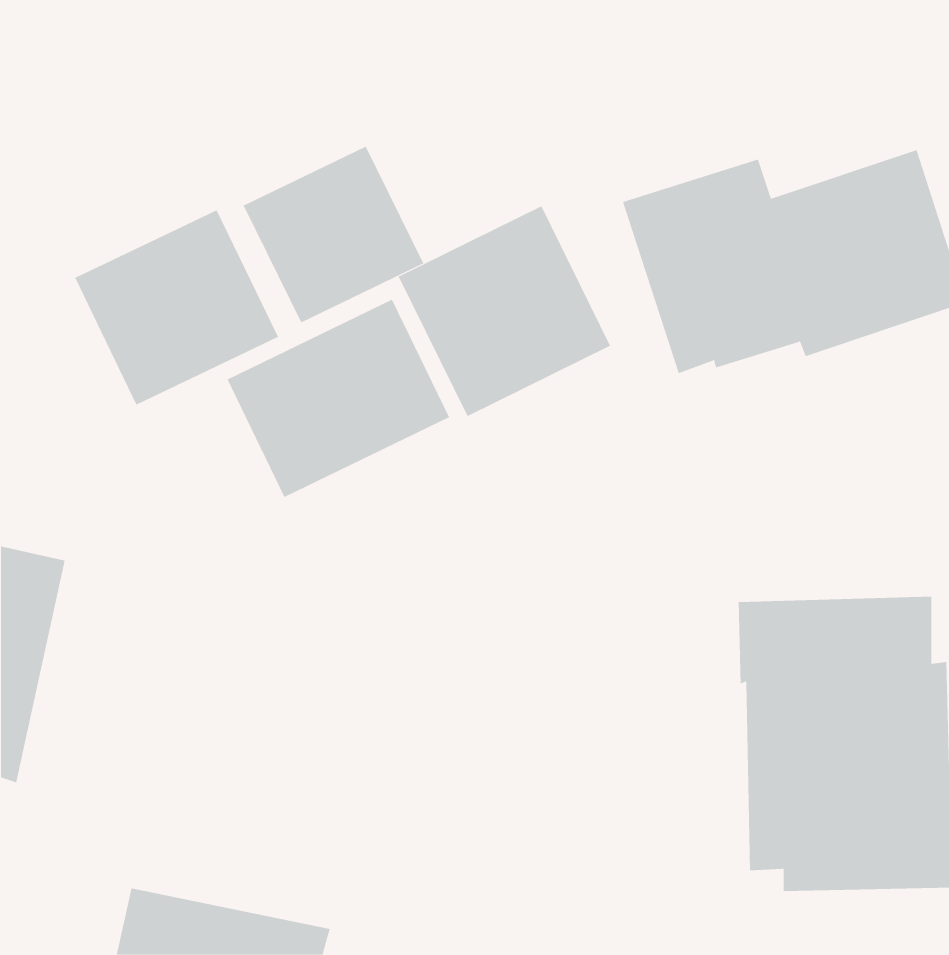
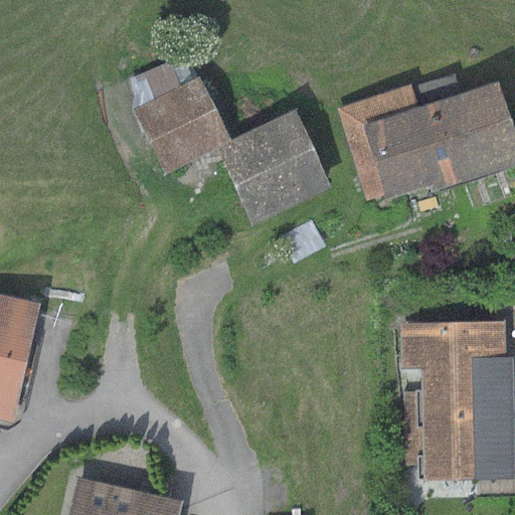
building: [74,209,279,405] -> none
building: [227,299,450,498] -> none

